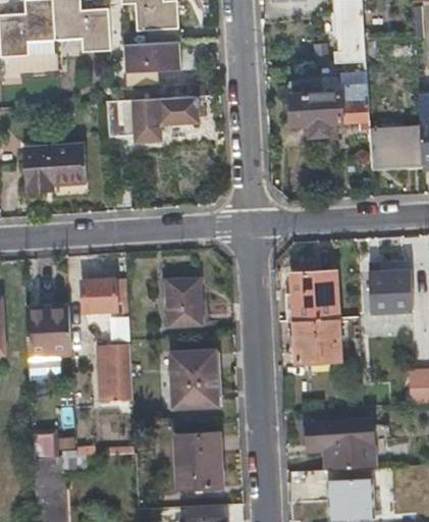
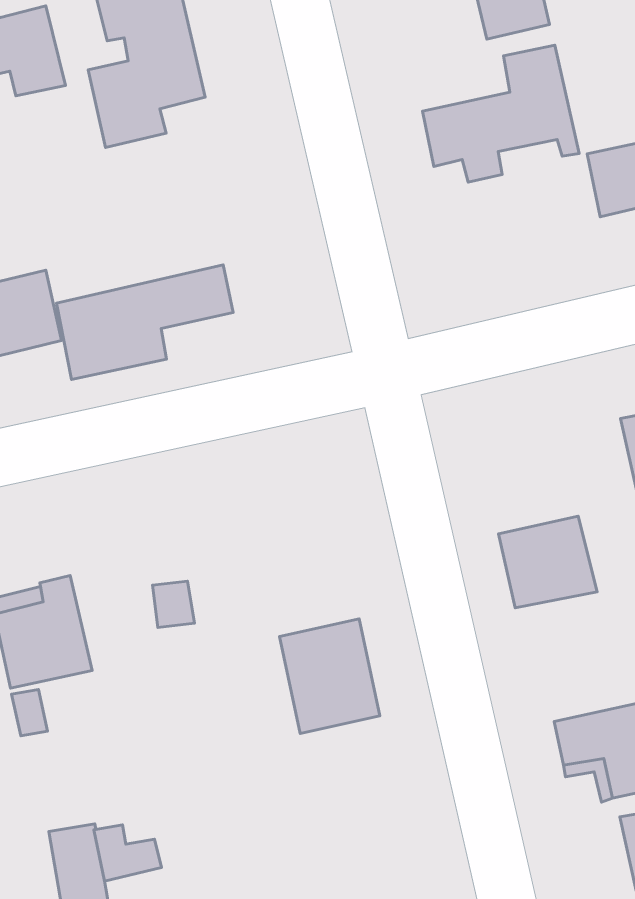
building: [109,96,200,142] -> [56,265,233,379]
building: [292,269,337,320] -> none
building: [84,281,116,312] -> none
building: [167,281,202,323] -> none
building: [99,345,131,398] -> none
building: [175,434,222,488] -> none

